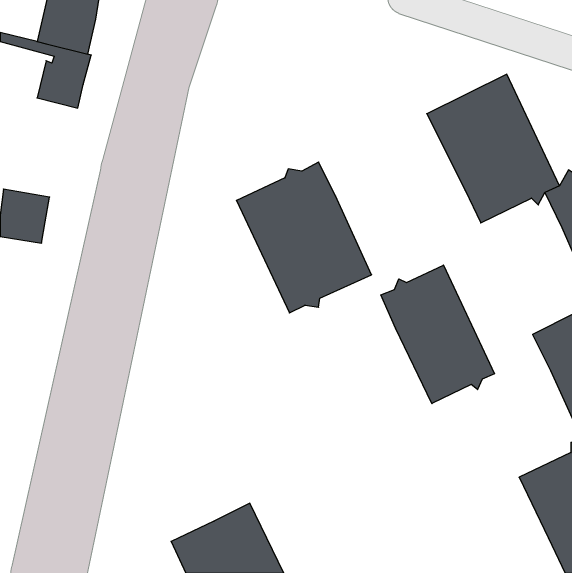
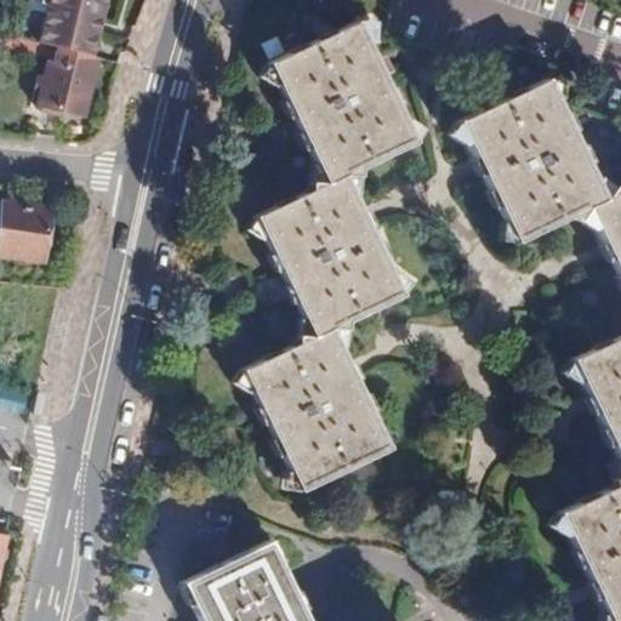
building: none -> [272,22,418,184]
building: [381,265,495,404] -> none
building: none -> [246,329,389,490]

